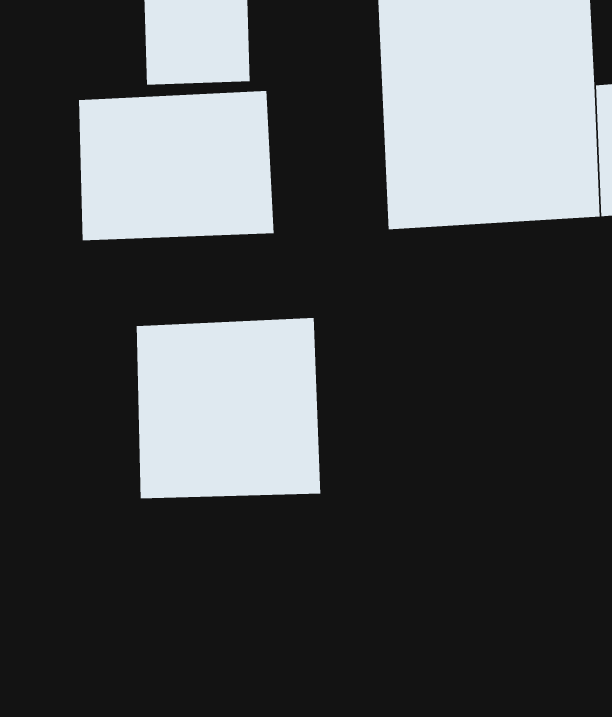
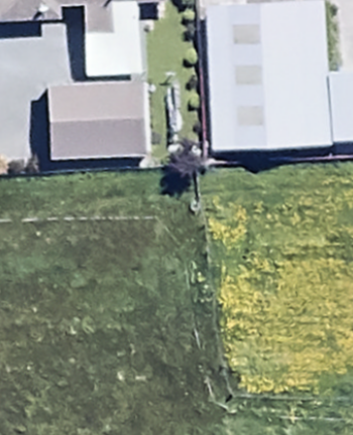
building: [136,317,321,499] -> none

